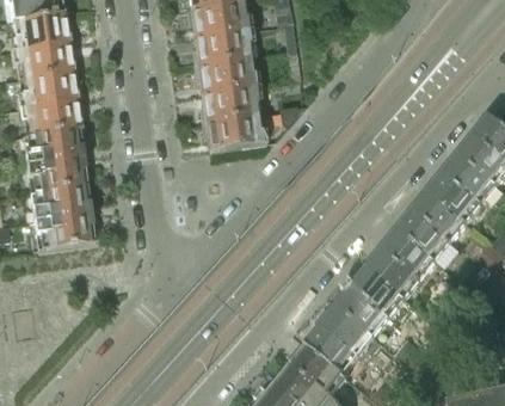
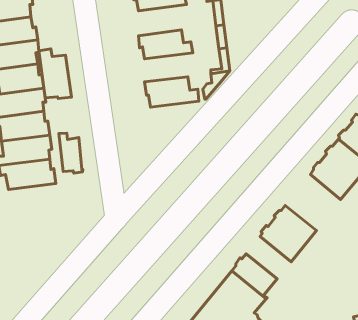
building: [192,26,253,63] -> none
building: none -> [39,49,72,99]
building: [199,84,260,118] -> none
building: none -> [59,133,83,173]
building: [369,228,435,295] -> none
building: [322,302,376,352] -> none

